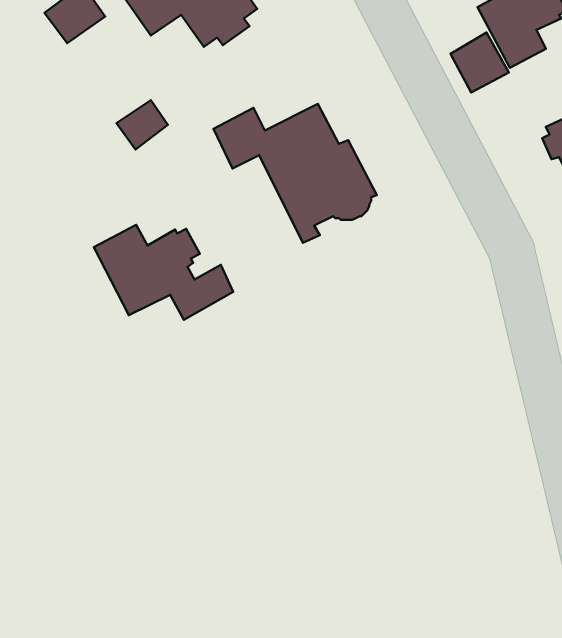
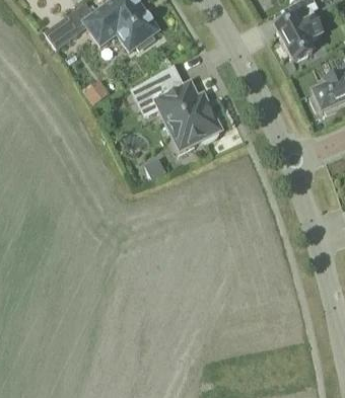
building: [450,33,509,93] -> none
building: [94,225,233,320] -> none

